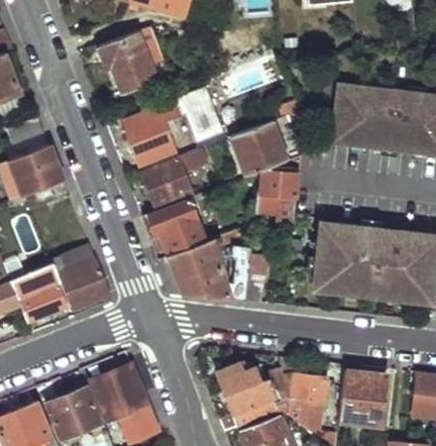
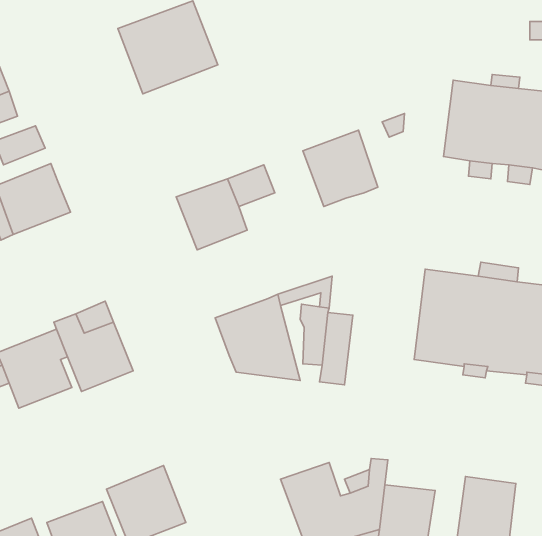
building: [122,85,224,162] -> none
building: [258,169,297,226] -> none
building: [142,192,207,255] -> none

